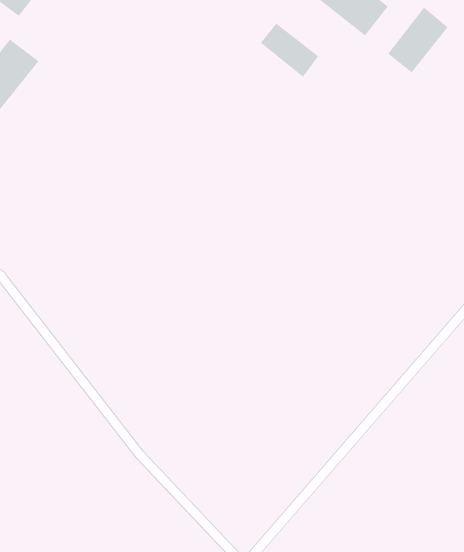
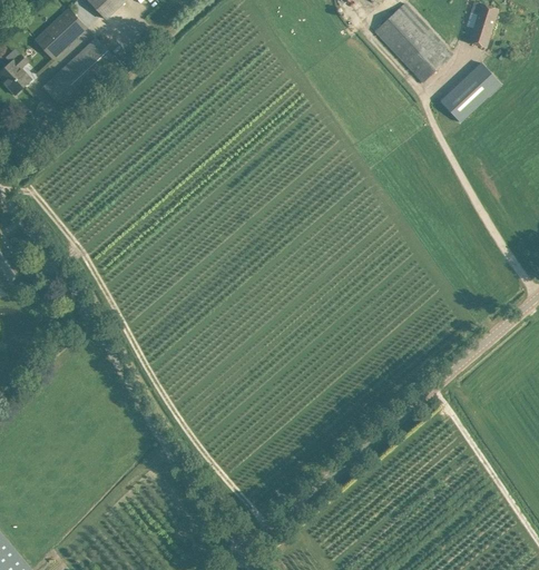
building: [260,22,319,78] -> none

